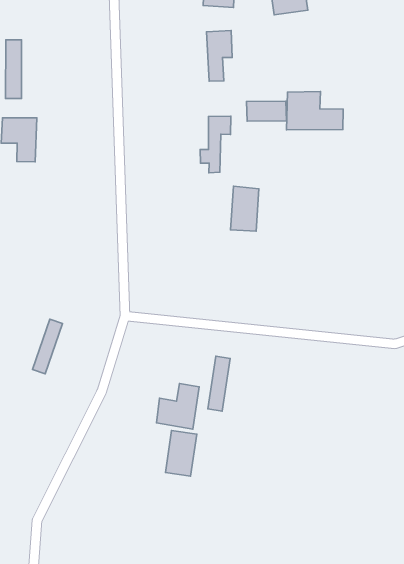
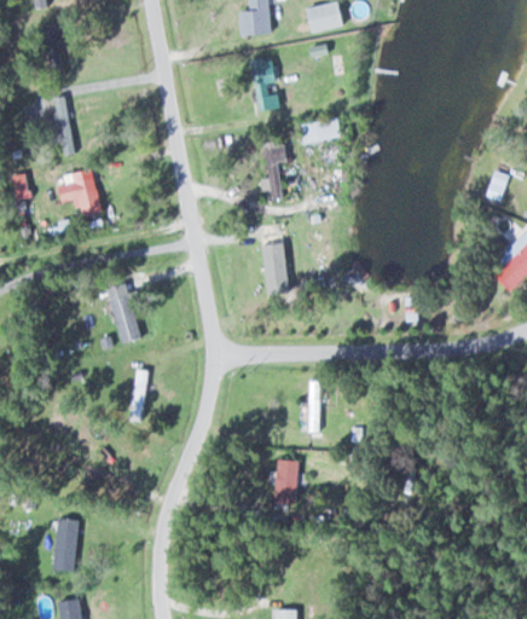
building: [286,91,343,130] -> none
building: [231,186,259,231] -> [259,244,288,289]
building: none -> [106,284,141,345]
building: [156,384,199,429] -> none

